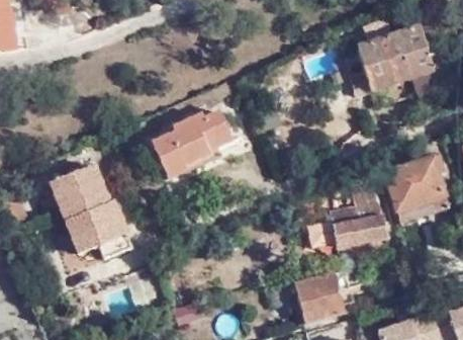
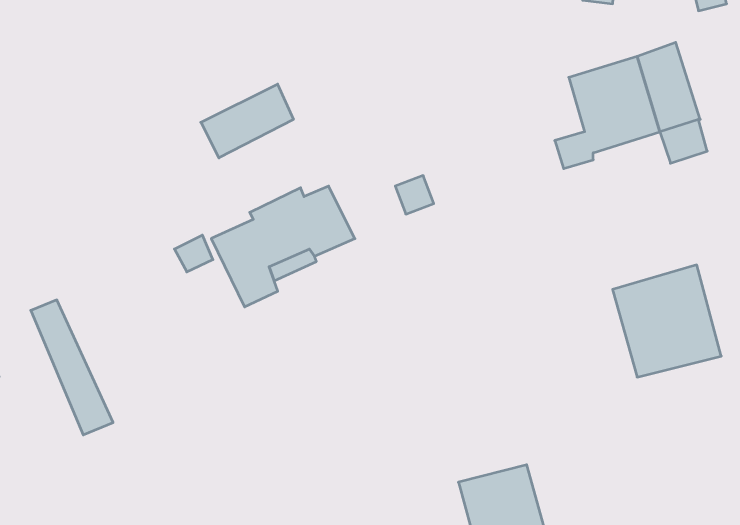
building: none -> [201,84,293,158]
building: [63,164,134,258] -> none
building: [307,175,387,246] -> none

